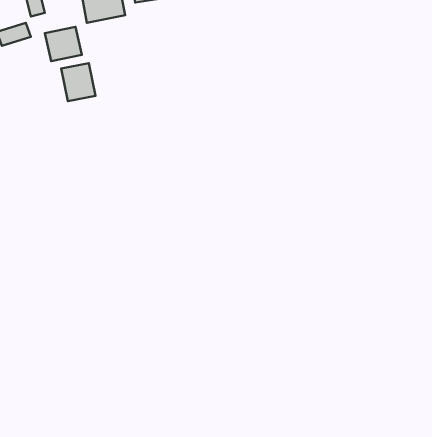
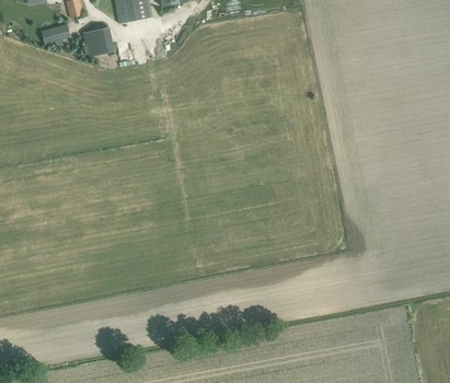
building: [61,63,96,101] -> none

